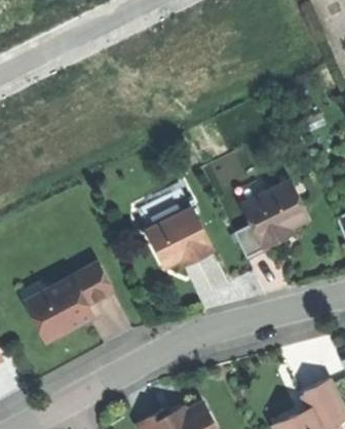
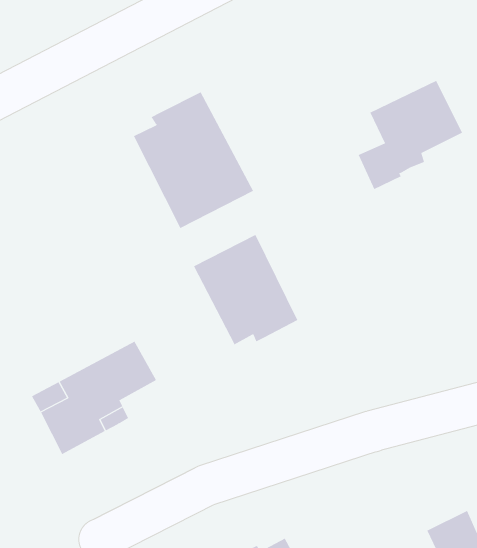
building: none -> [133,92,254,229]
building: [234,182,308,259] -> [358,80,463,190]

